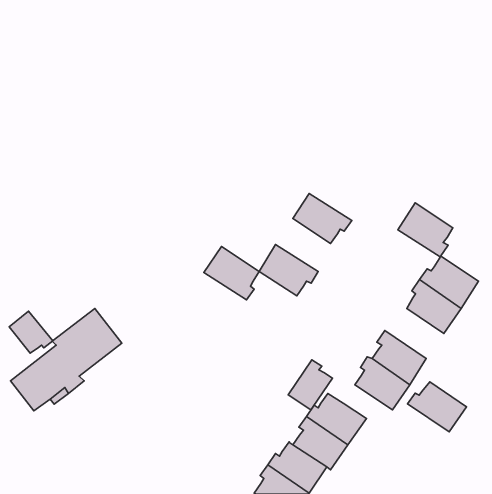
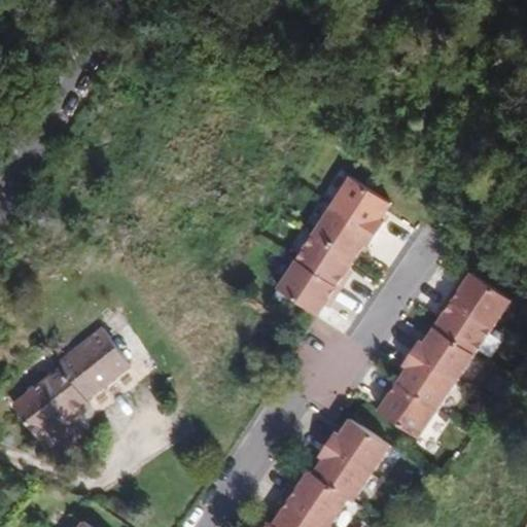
building: [398,203,453,257] -> [329,177,388,235]
building: [204,247,259,300] -> [293,233,352,289]
building: [9,311,53,353] -> none
building: [288,360,332,410] -> none
building: [407,382,466,432] -> [410,328,472,382]

